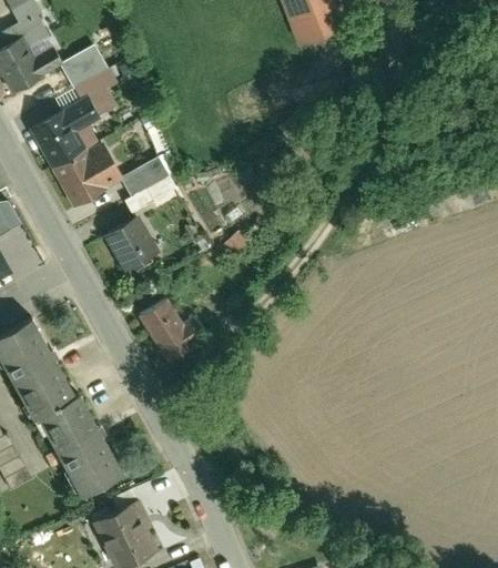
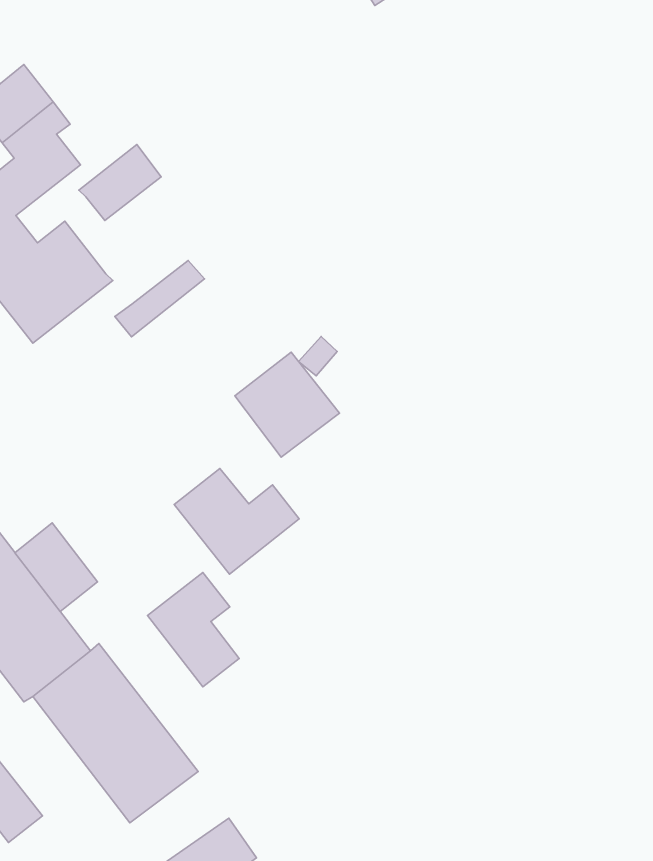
building: [121,154,170,195] -> [79,144,161,221]
building: [101,215,160,275] -> [235,352,339,457]
building: none -> [15,523,97,612]
building: none -> [147,572,239,687]

